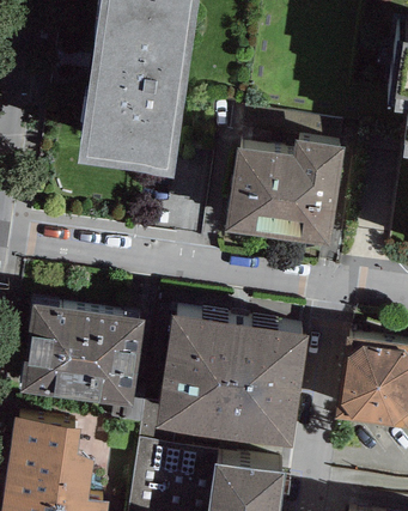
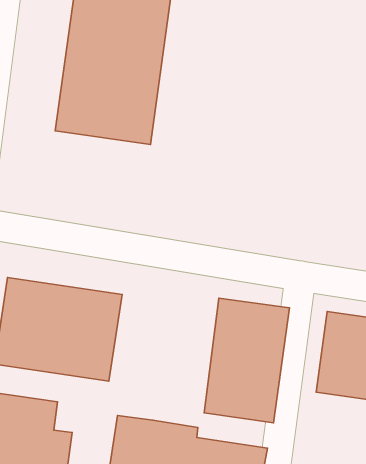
building: [225,139,343,245] -> none
building: [139,316,238,444] -> none

